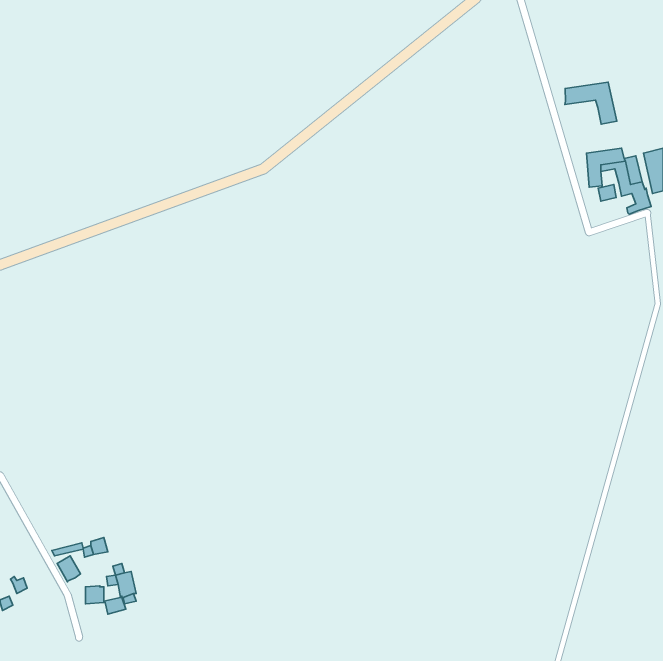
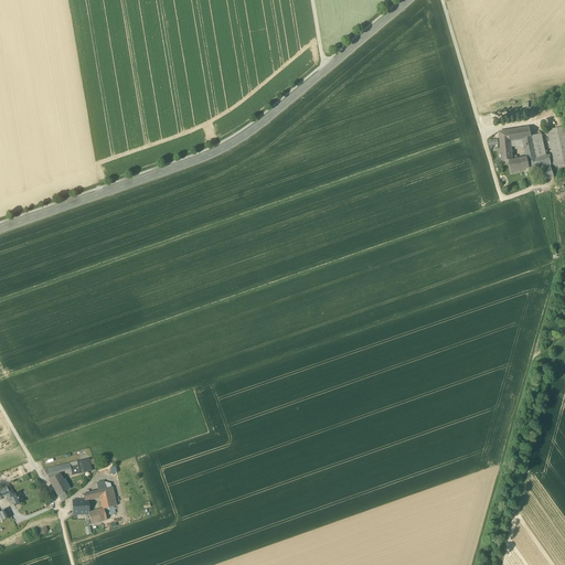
building: [565,82,617,124] -> none

